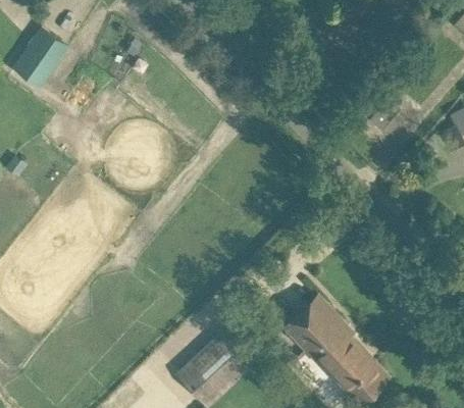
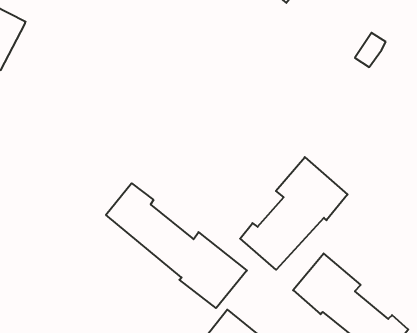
building: none -> [240,157,348,270]
building: none -> [106,183,247,308]

